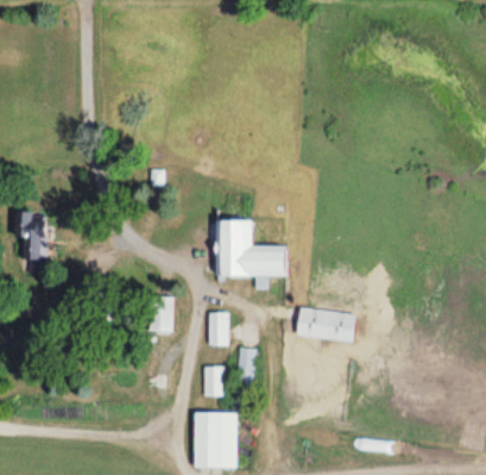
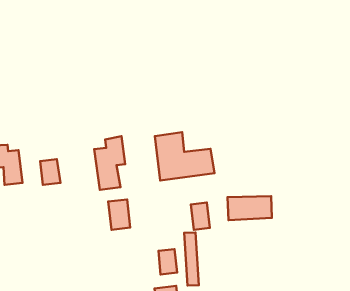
building: none -> [94,136,125,190]
building: none -> [40,159,60,185]
building: [209,313,229,345] -> [191,203,210,230]

